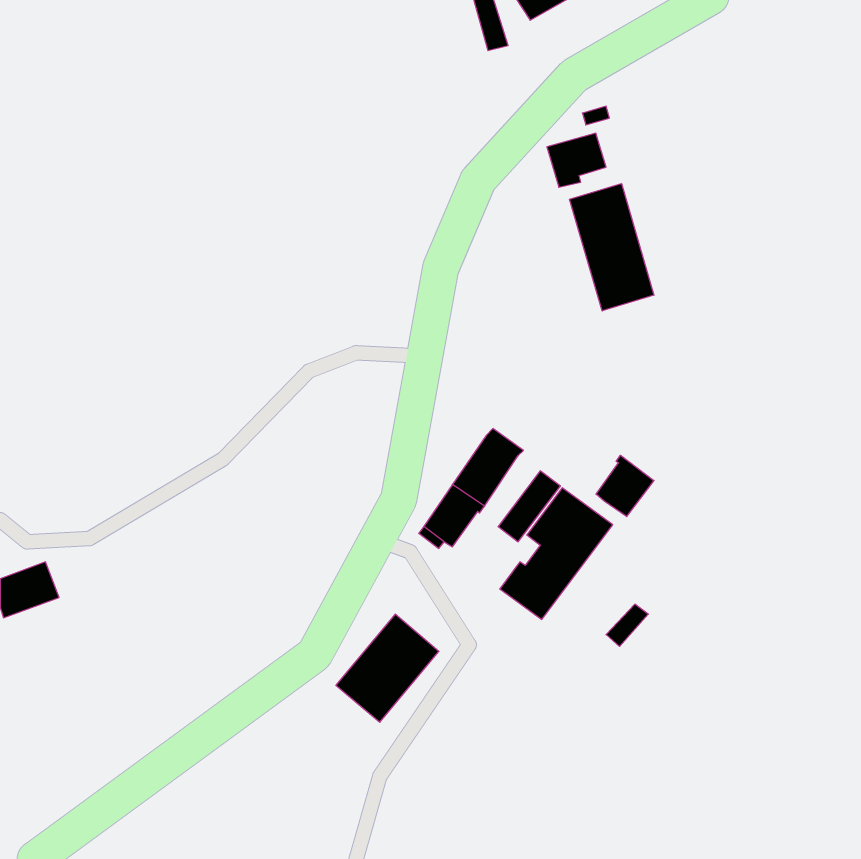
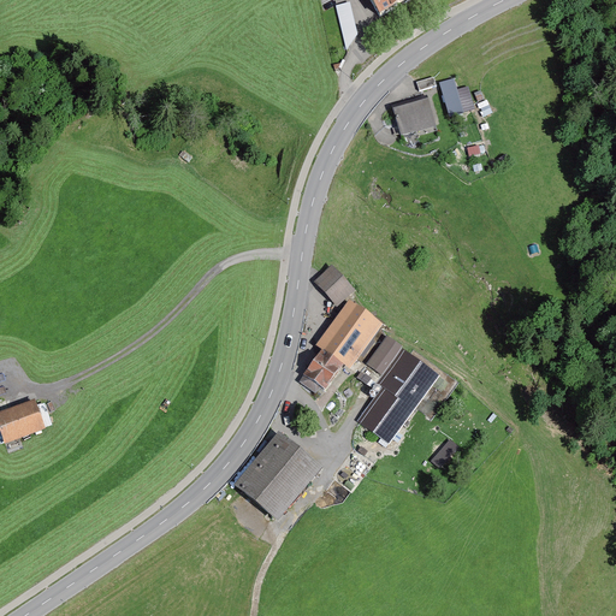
building: none -> [440,77,475,113]
building: [570,184,654,311] -> none
building: none -> [316,268,350,302]
building: [596,455,654,517] -> none

